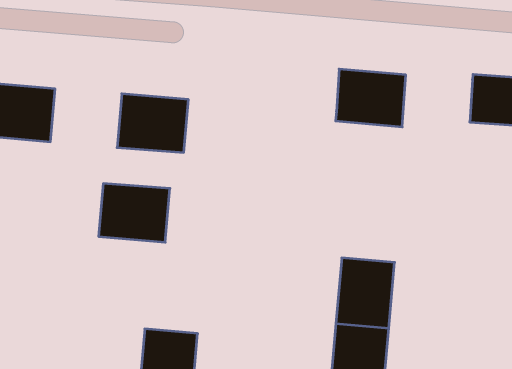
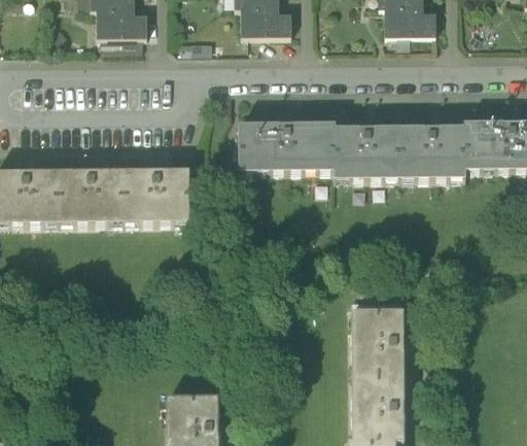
building: none -> [239,122,335,169]
building: none -> [398,126,464,177]
building: [99,184,170,242] -> [61,169,126,221]

